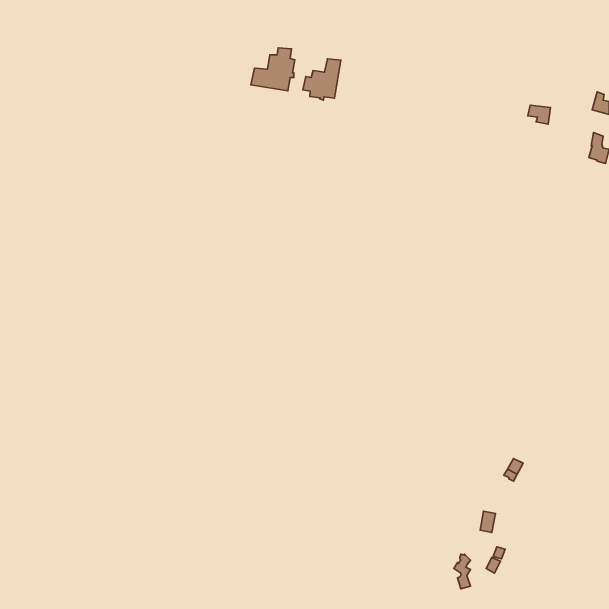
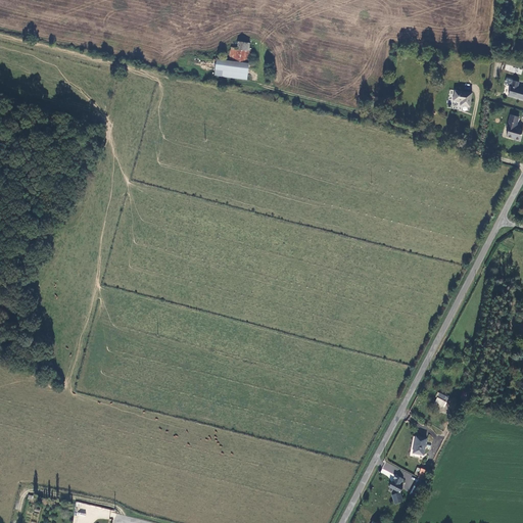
building: [303,59,341,100] -> none

